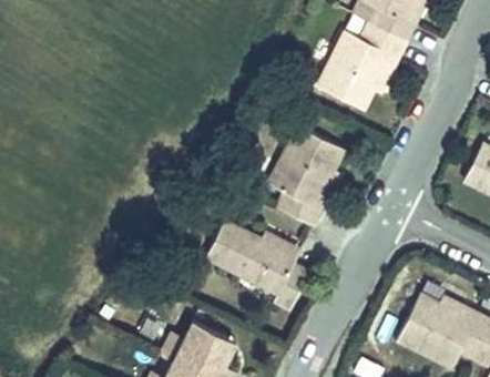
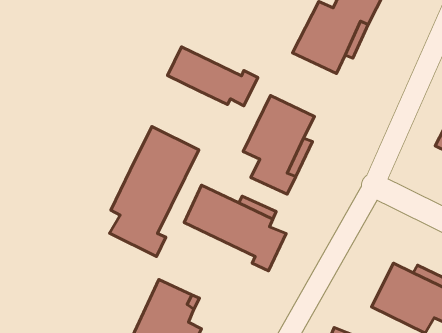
building: none -> [167,47,258,106]
building: none -> [110,127,199,256]

